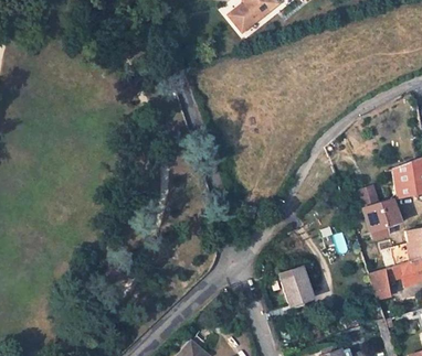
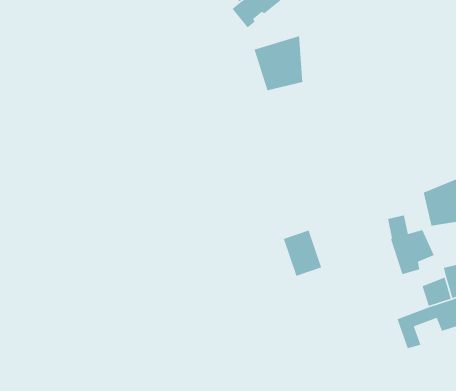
building: none -> [253,35,303,91]
building: [279,266,313,305] -> [283,229,322,277]

